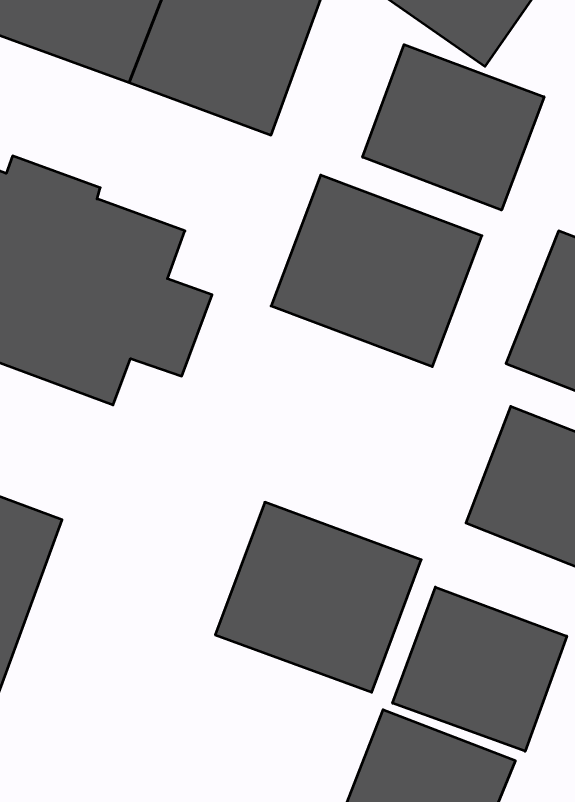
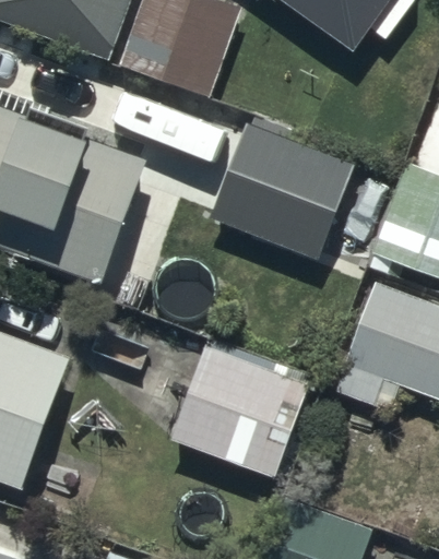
building: [363,45,544,210] -> none
building: [393,587,567,751] -> none

